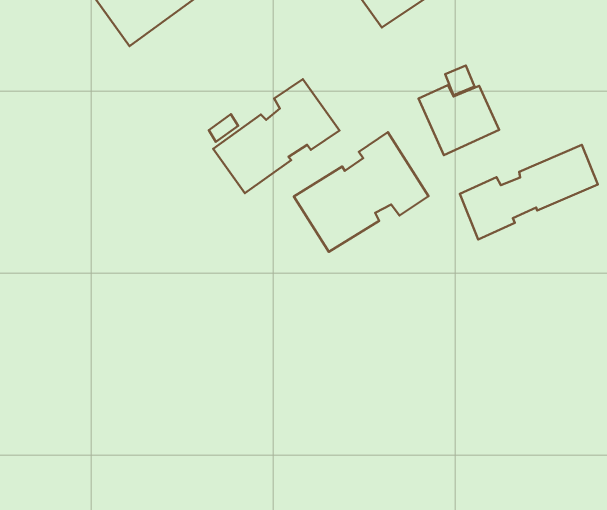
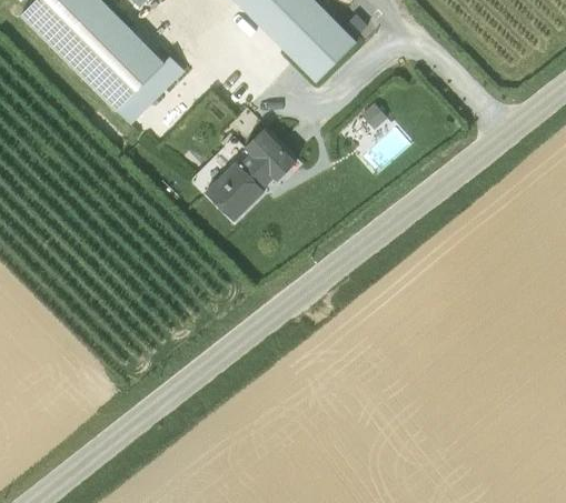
building: [294,132,428,252] -> none
building: [460,145,598,239] -> none

